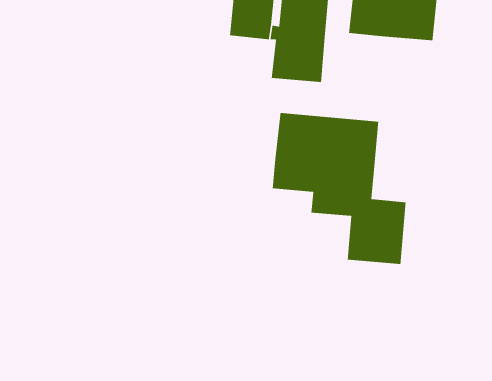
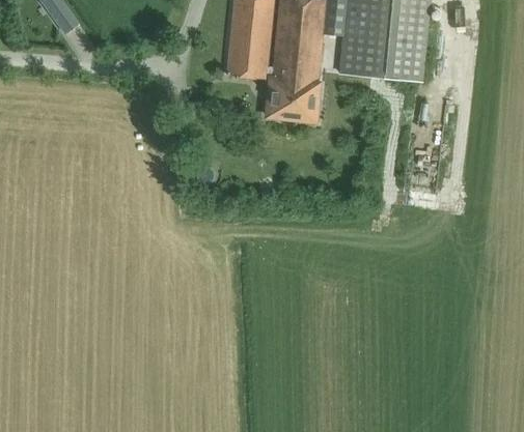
building: [272,112,406,265] -> none

